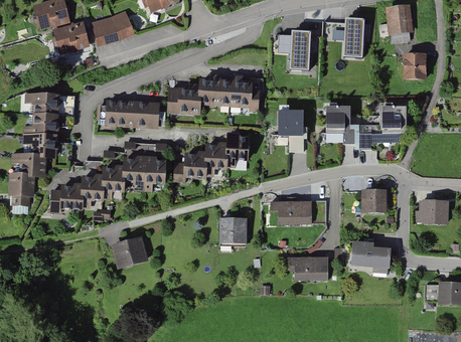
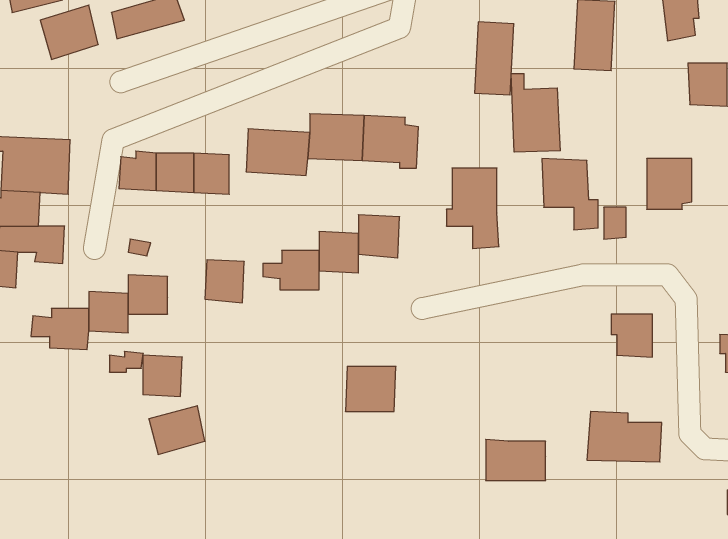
building: none -> [511,73,560,152]
building: [124,159,145,181] -> [143,355,182,396]
building: [278,200,311,222] -> none

